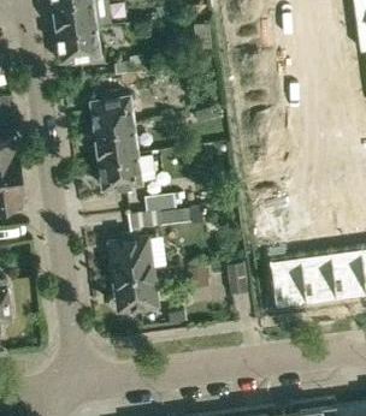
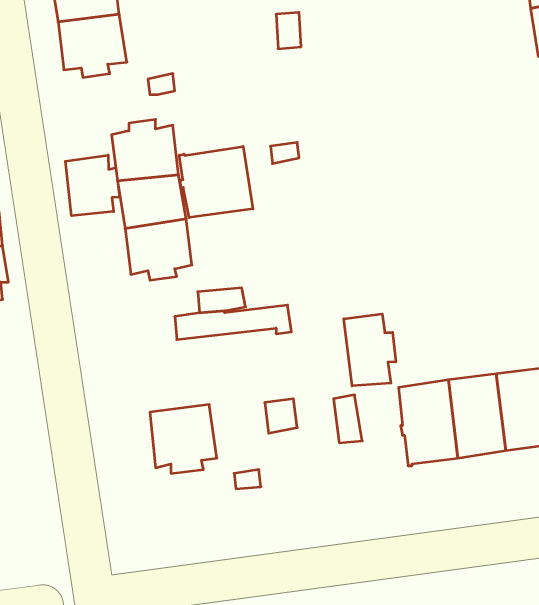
building: none -> [179,146,253,218]
building: none -> [65,155,119,216]
building: none -> [344,314,396,386]
building: [110,232,152,275] -> none

